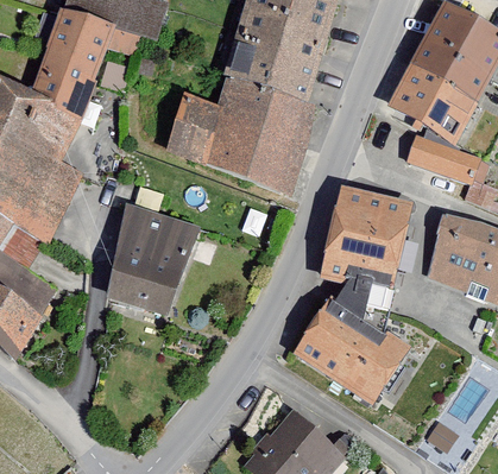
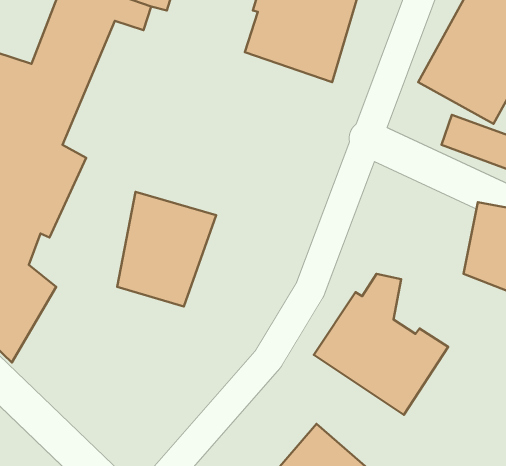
building: [163,76,322,197] -> none
building: [322,184,412,289] -> none

